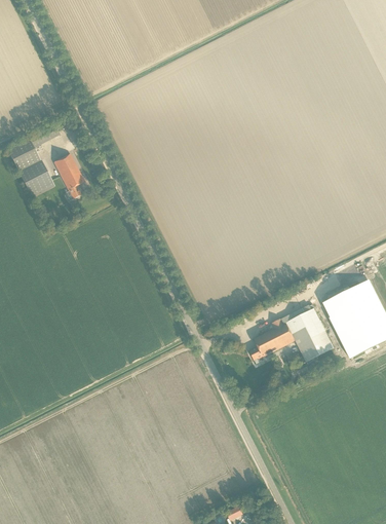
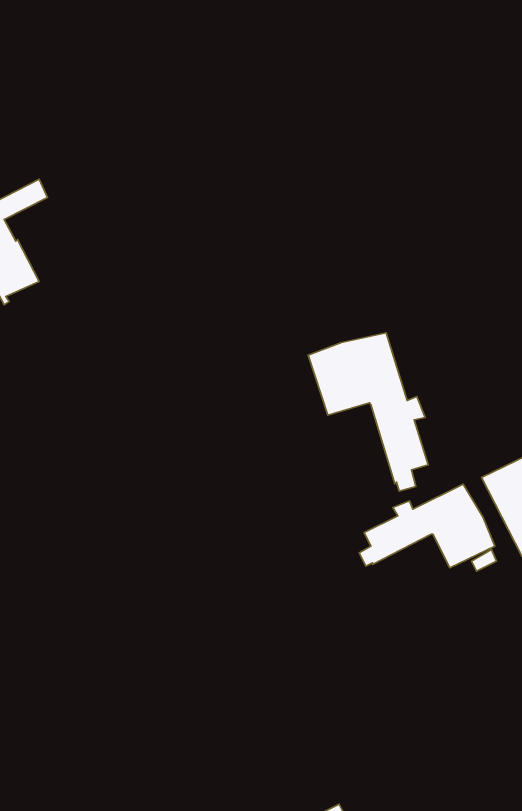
building: [53,153,84,198] -> none
building: none -> [308,333,428,491]

